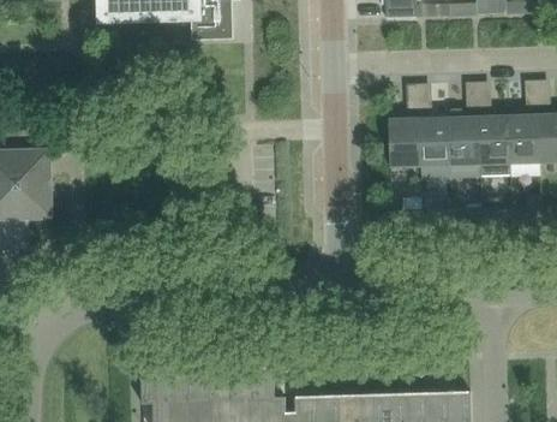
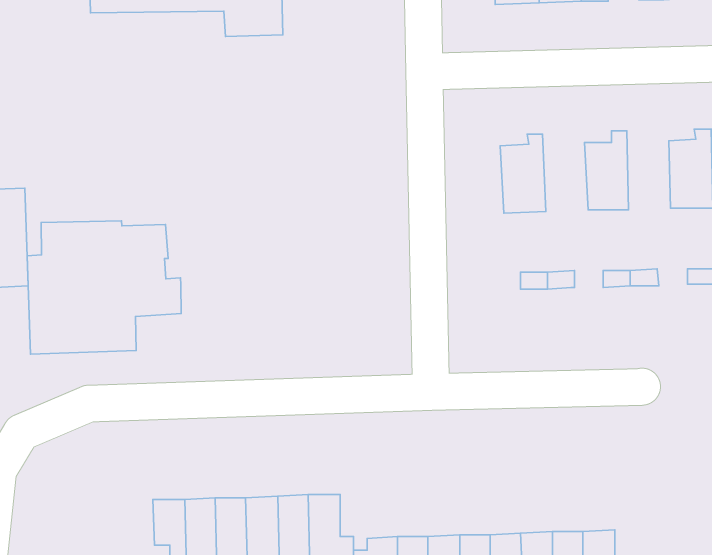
building: [479,108,510,176] -> none
building: [419,109,451,166] -> none
building: none -> [27,221,181,354]

